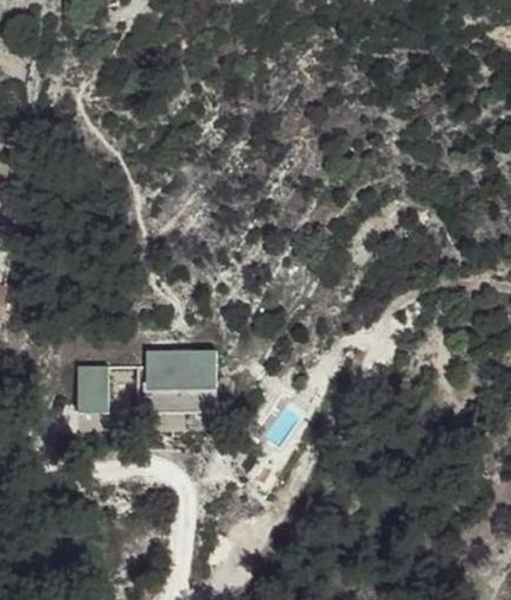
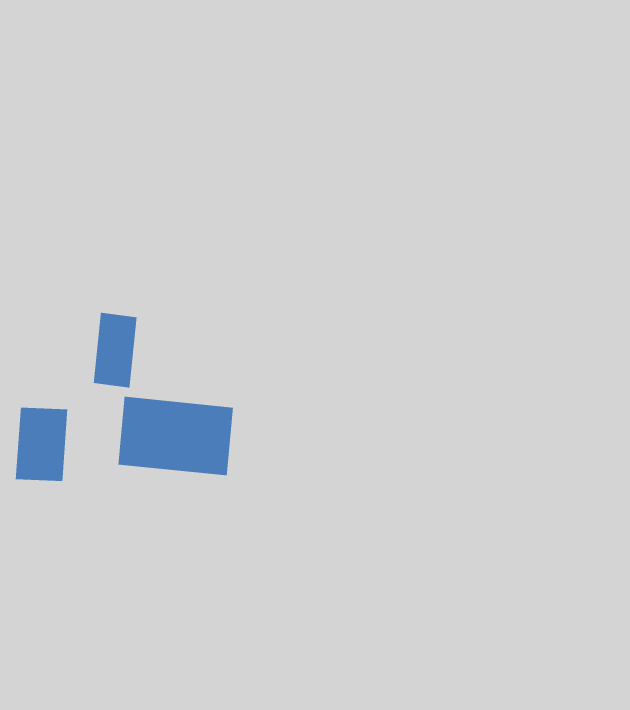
building: none -> [93,312,138,388]

